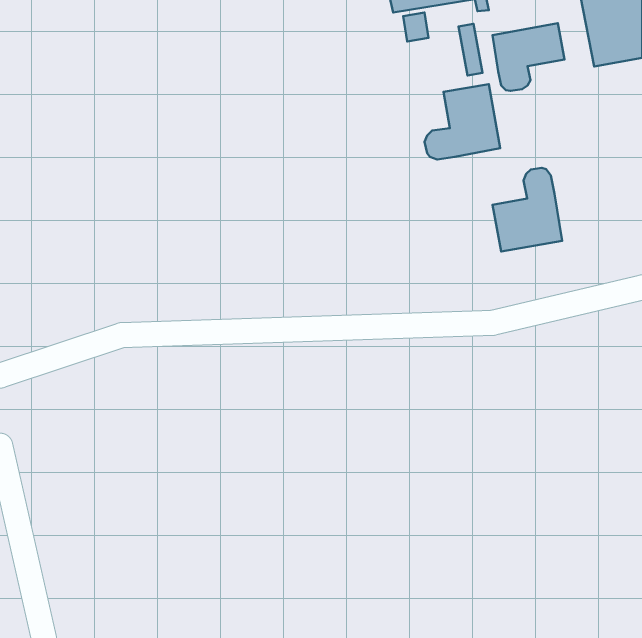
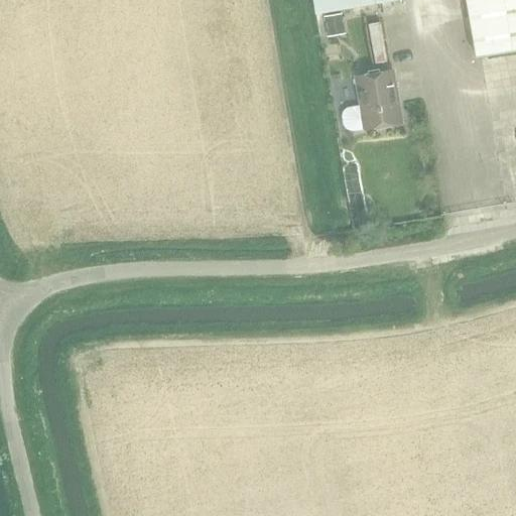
building: [492,23,565,91] -> none
building: [492,168,562,252] -> none

